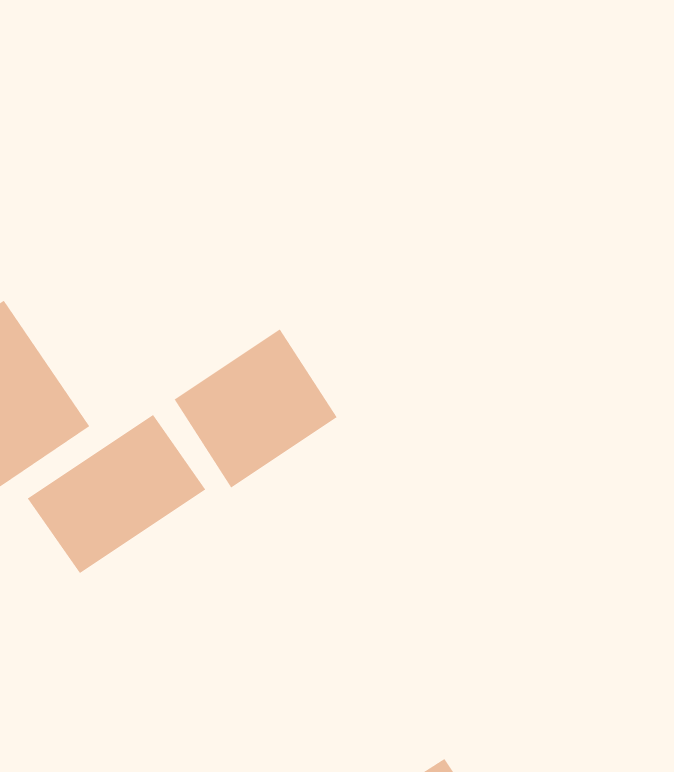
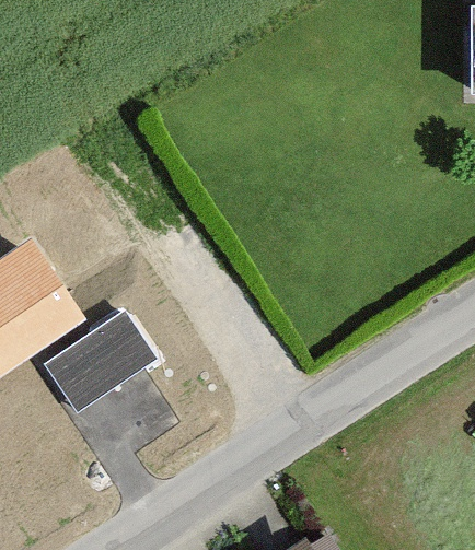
building: [174,328,337,488] -> none

